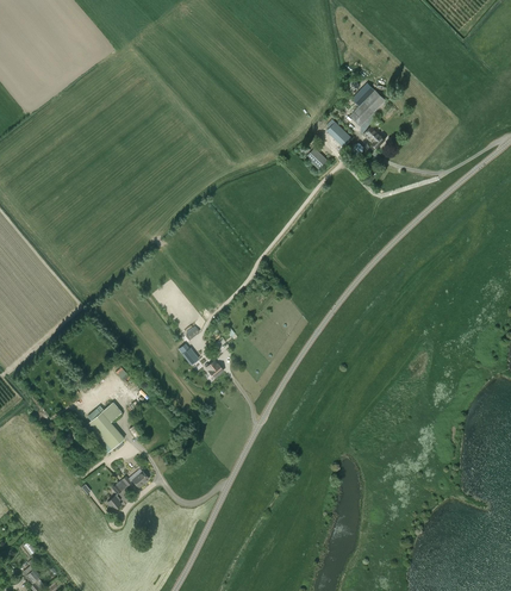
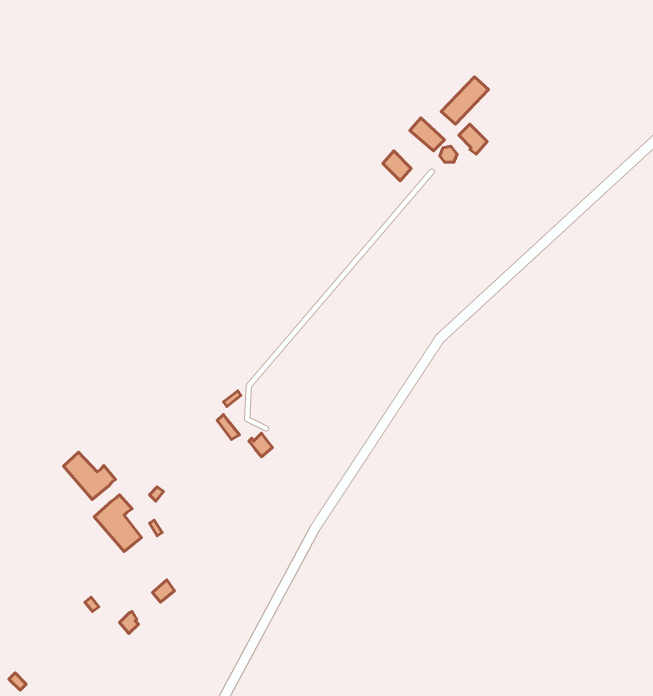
building: none -> [63,452,116,499]

